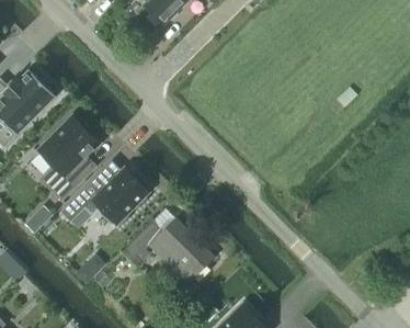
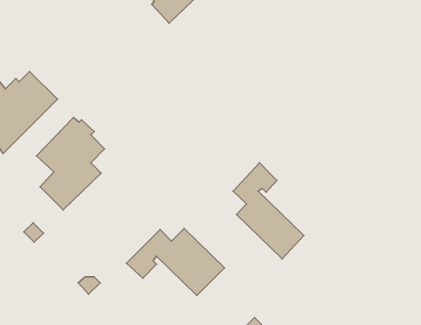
building: none -> [233,163,304,259]
building: [61,167,150,224] -> none

